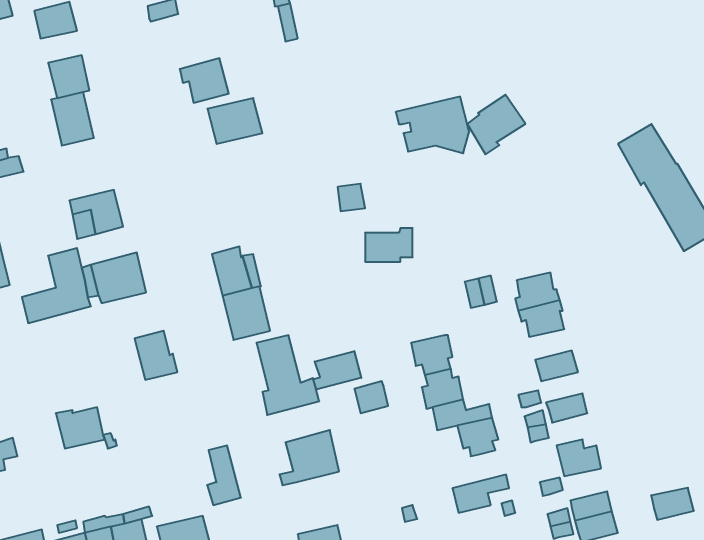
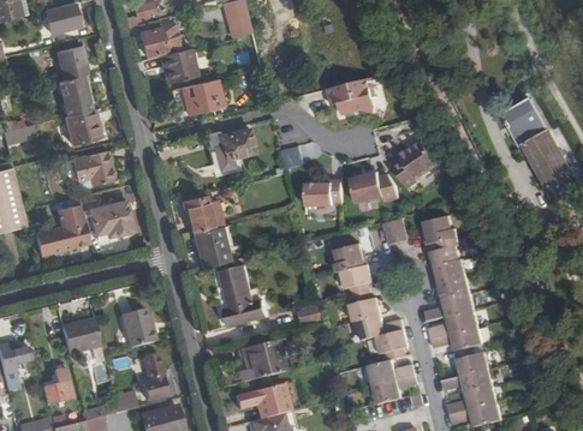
building: none -> [137,18,178,56]
building: [467,95,525,154] -> [392,144,438,191]
building: none -> [64,108,101,144]
building: none -> [204,130,254,170]
building: none -> [351,173,394,204]
building: none -> [333,245,367,273]
building: none -> [433,259,466,285]
building: [135,331,177,380] -> [121,309,155,347]
building: [313,351,361,389] -> none
building: none -> [442,294,475,318]
building: none -> [451,327,483,352]
building: [207,445,241,505] -> [141,353,167,400]
building: none -> [368,359,415,385]
building: none -> [43,367,72,405]
building: [651,488,694,520] -> [460,370,494,395]
building: none -> [252,385,290,419]

